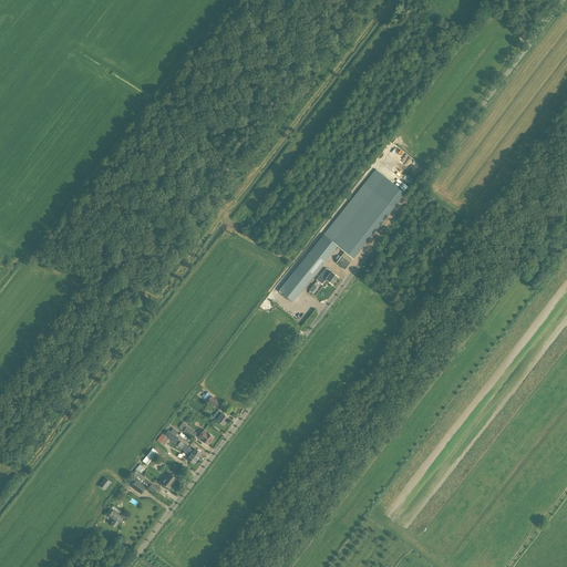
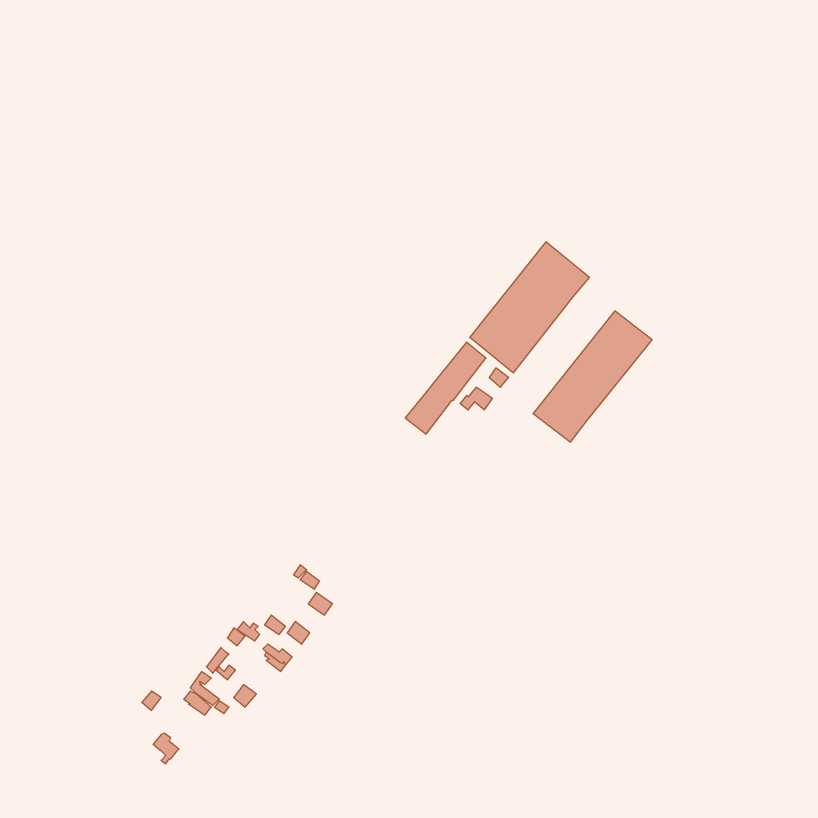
building: none -> [533,311,652,442]

